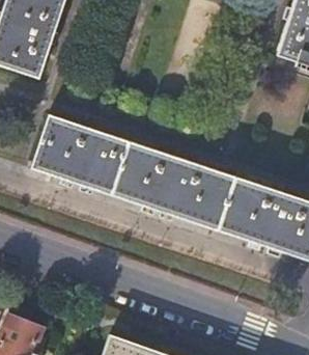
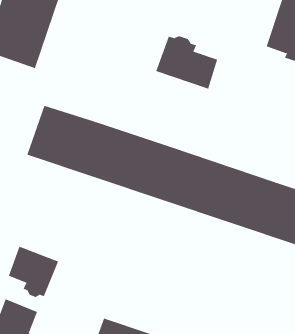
building: none -> [155,36,218,89]
building: none -> [8,246,59,298]

